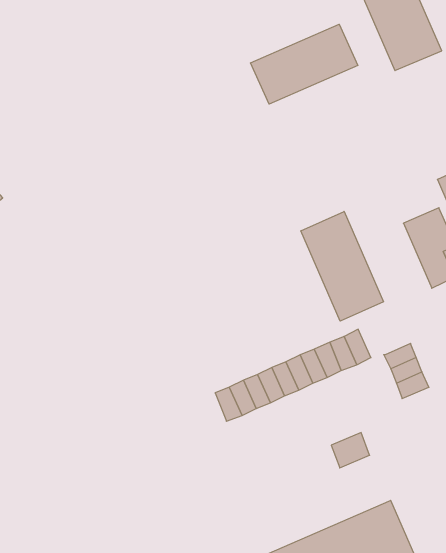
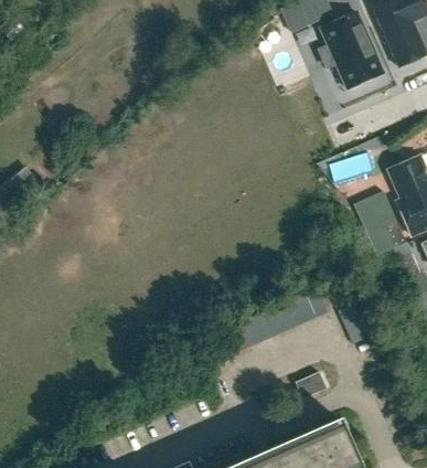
building: [251,24,358,104] -> none
building: [301,211,383,321] -> none

